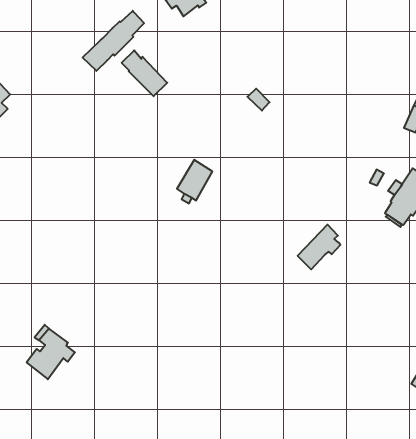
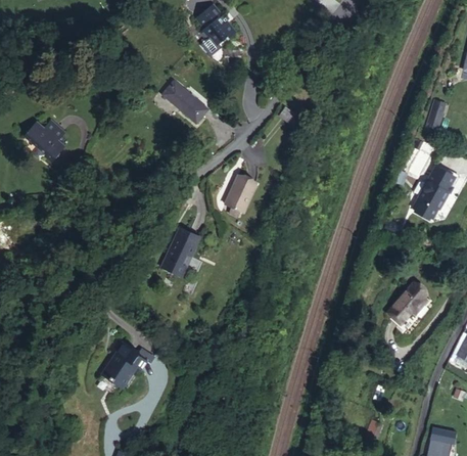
building: [83,11,144,71] -> none
building: none -> [160,227,200,275]
building: [298,225,340,269] -> [387,283,425,325]

